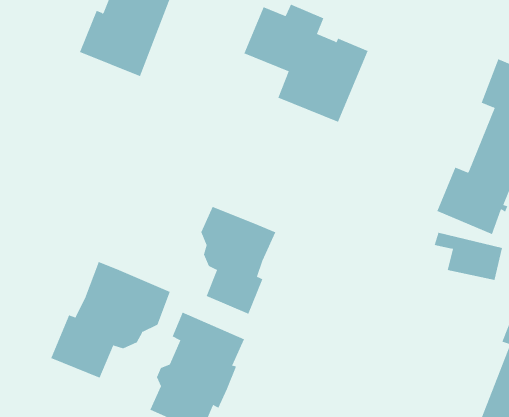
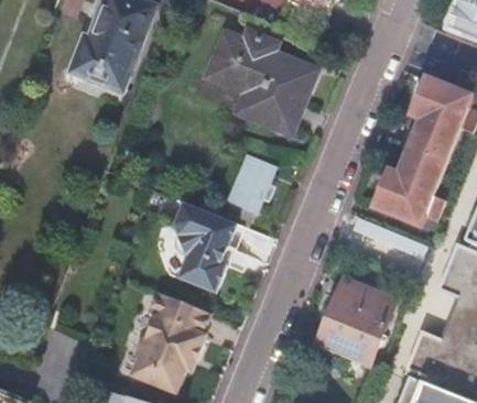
building: none -> [221,157,272,226]
building: [51,261,171,378] -> none
building: none -> [316,277,394,364]

